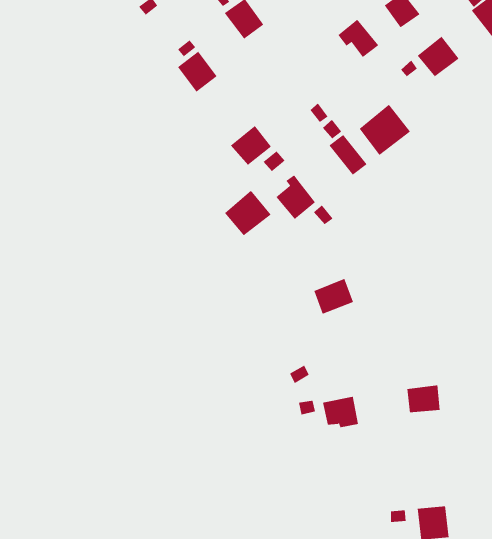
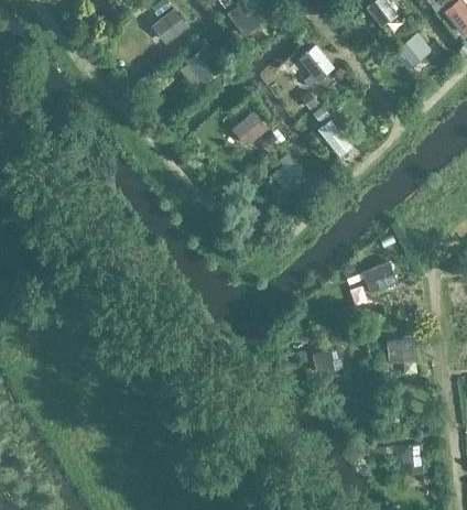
building: none -> [151,9,188,45]
building: [337,19,379,58] -> [297,45,334,79]
building: [359,104,411,156] -> none
building: [224,190,272,236] -> none
building: [313,278,354,315] -> [361,262,397,294]

